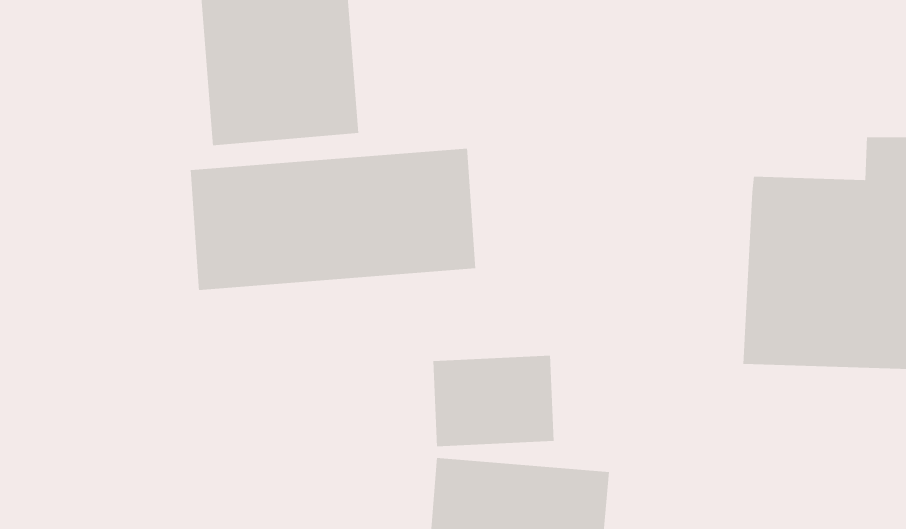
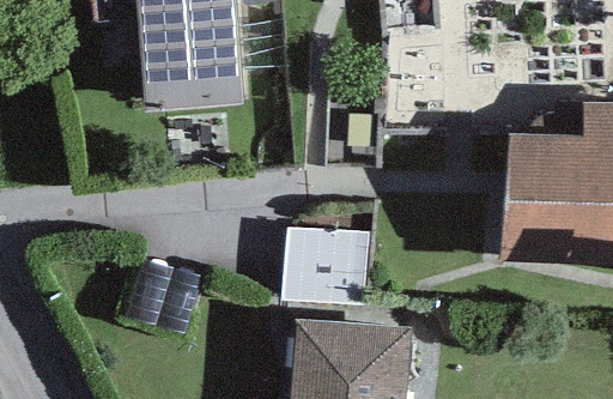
building: [190,148,476,291] -> none

